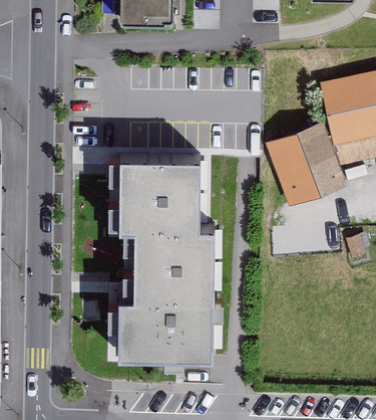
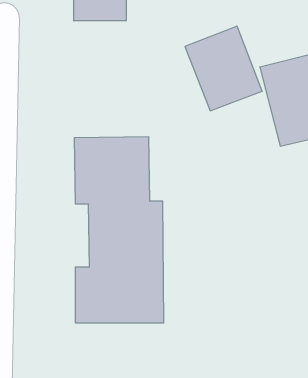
building: [262,121,345,212] -> [185,26,262,111]

